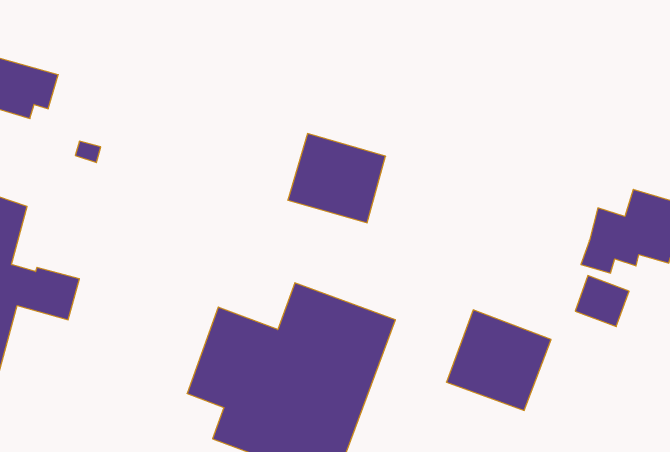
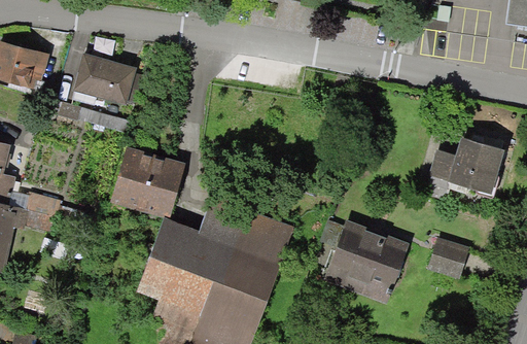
building: none -> [72,55,134,104]
building: [288,134,386,223] -> [111,150,182,215]
building: [575,276,629,327] -> [428,240,467,277]

